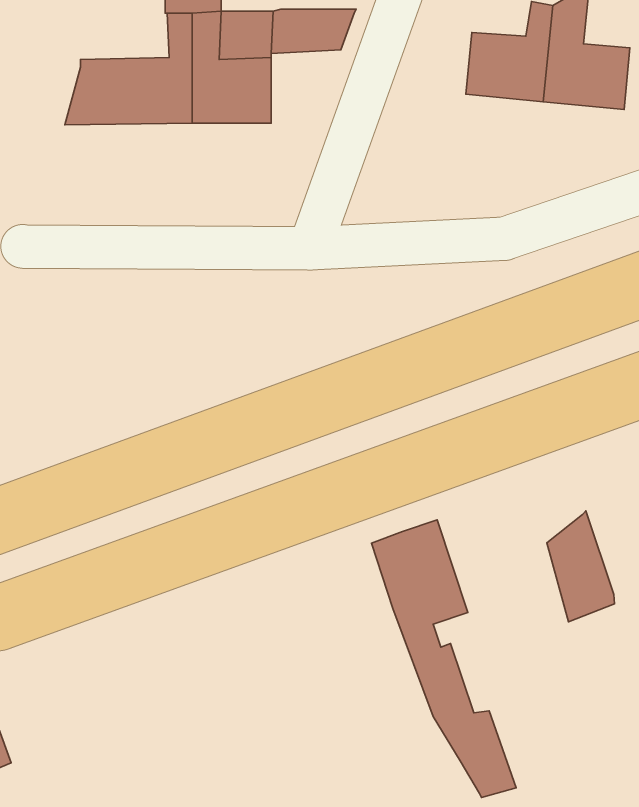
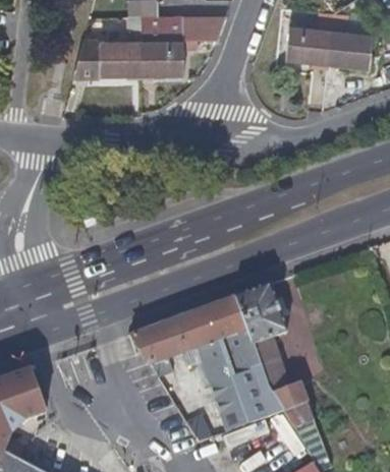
building: [547,511,615,622] -> none
building: none -> [131,297,283,431]

